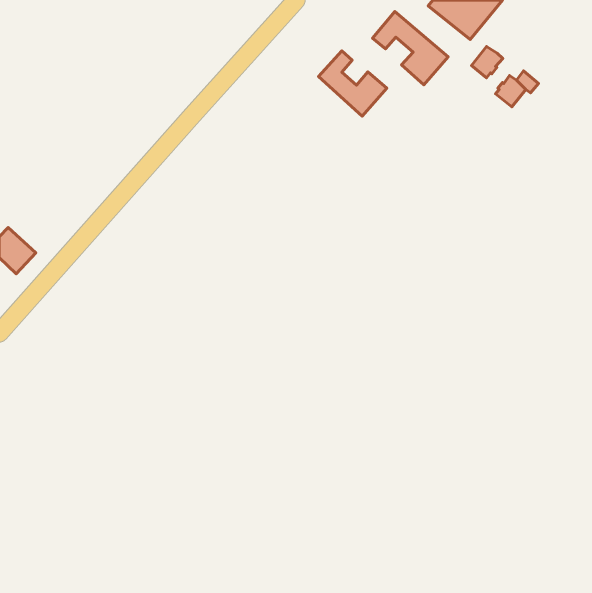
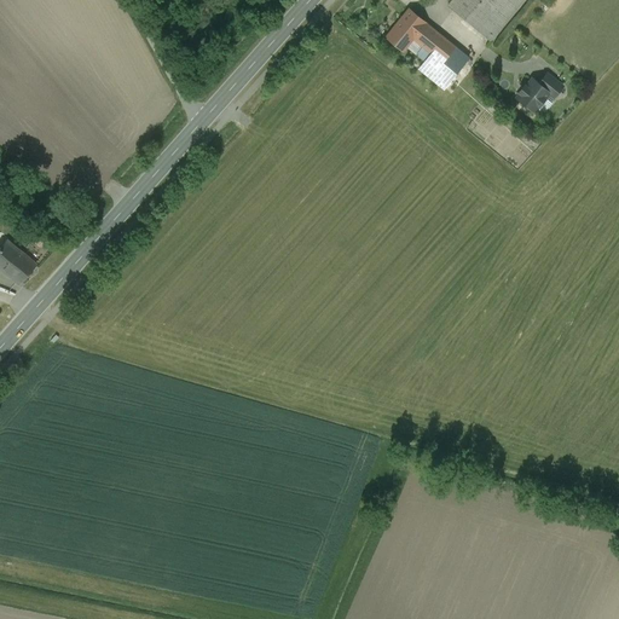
building: [472,47,503,78] -> none
building: [318,51,387,116] -> none

